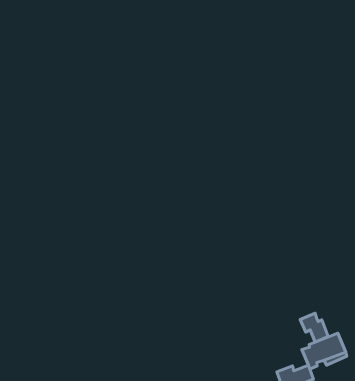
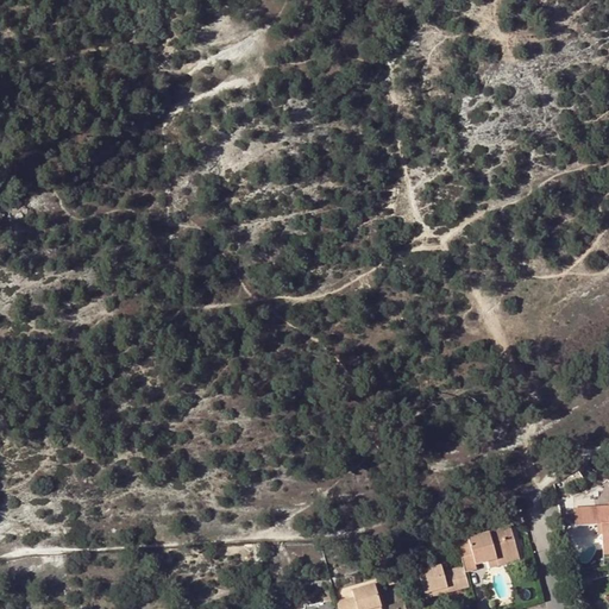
building: [300,313,328,342] -> none

